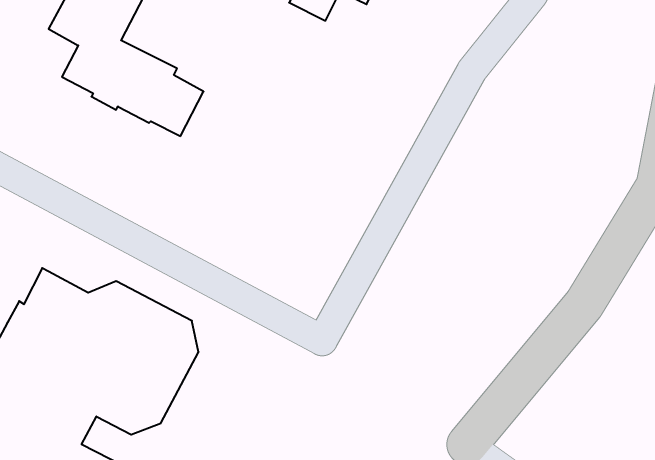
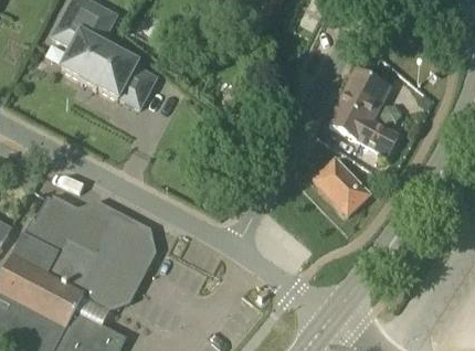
building: none -> [330,68,399,153]
building: none -> [315,158,369,214]

